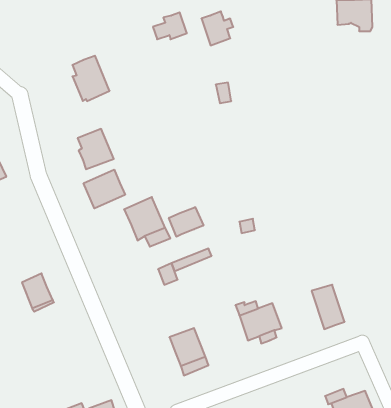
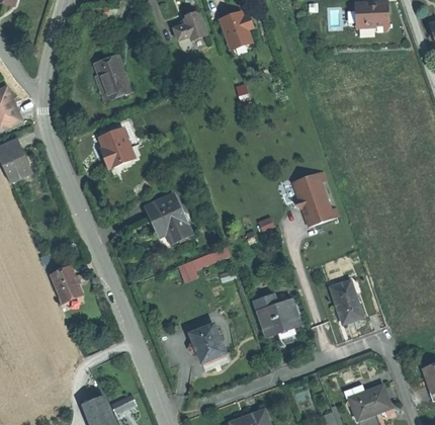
building: [84,170,125,208] -> none
building: none -> [293,171,338,227]
building: [169,207,203,237] -> none

